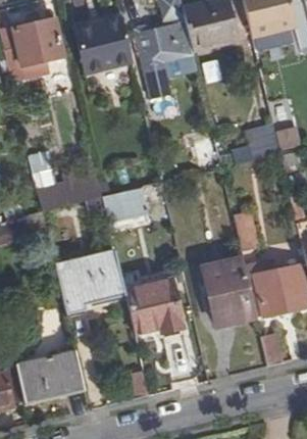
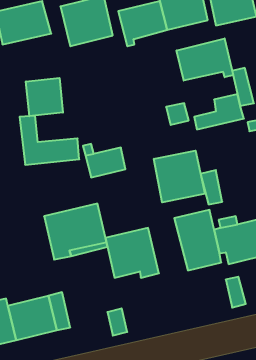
building: none -> [177,38,233,81]
building: none -> [26,78,63,116]
building: none -> [154,151,205,202]

